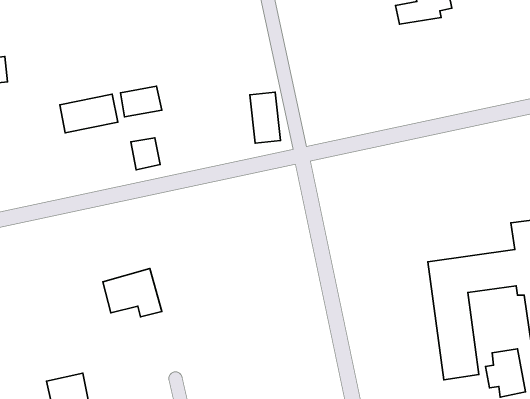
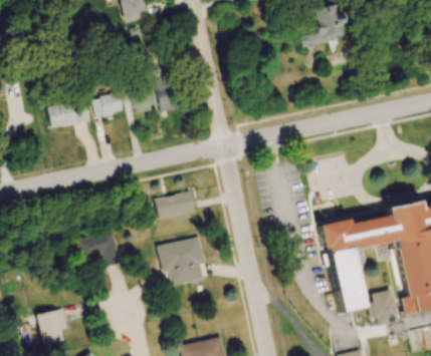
building: [250,92,281,143] -> [156,73,179,111]
building: [131,138,160,170] -> [132,89,154,113]
building: none -> [155,193,195,217]
building: none -> [158,237,205,285]

